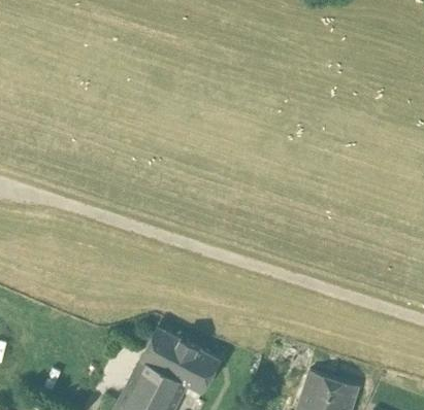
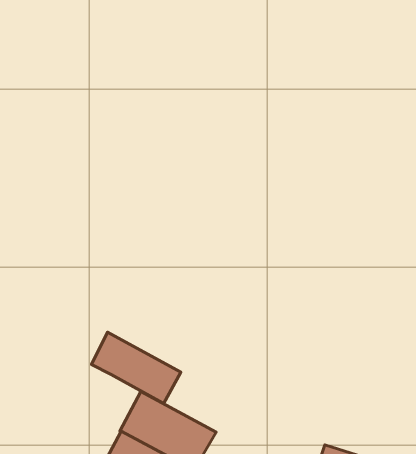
building: none -> [91,332,181,404]

